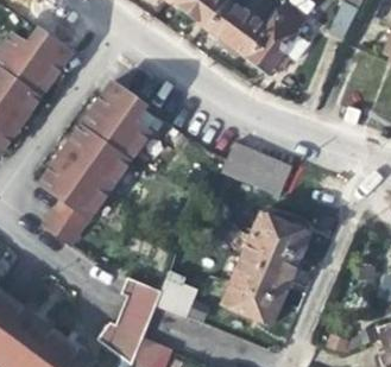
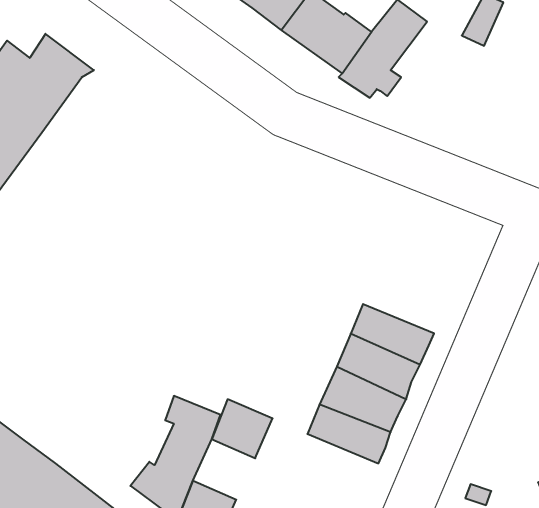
building: [43,82,152,242] -> none
building: [223,140,291,198] -> none

